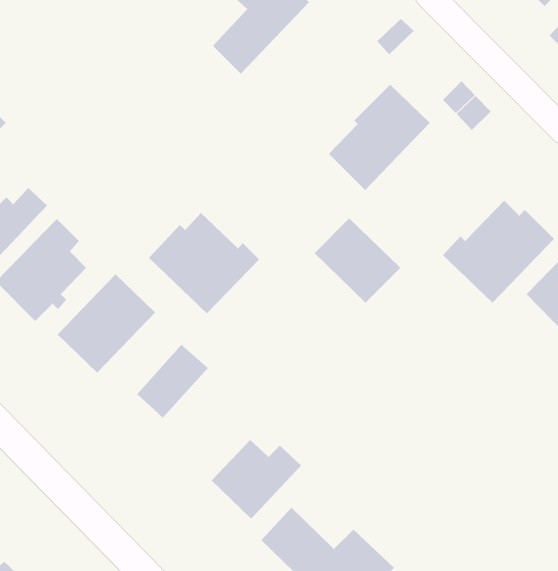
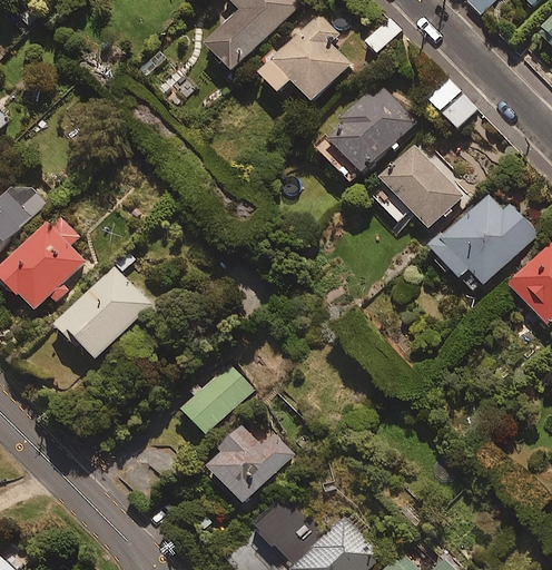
building: none -> [253,7,349,102]
building: [148,212,260,314] -> none
building: [314,217,401,304] -> [378,144,463,227]
building: [137,344,209,418] -> [180,360,250,432]

